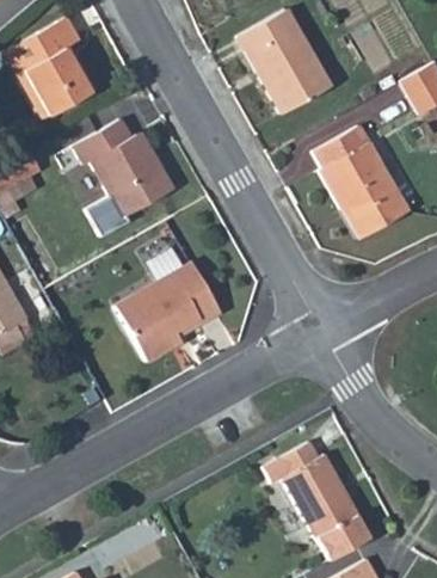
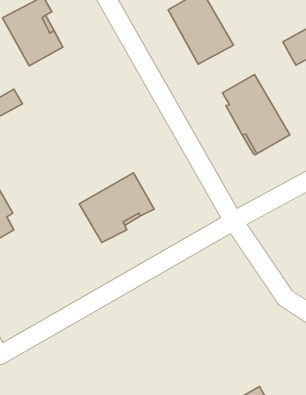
building: [74,118,173,216] -> none
building: [266,443,373,559] -> none

